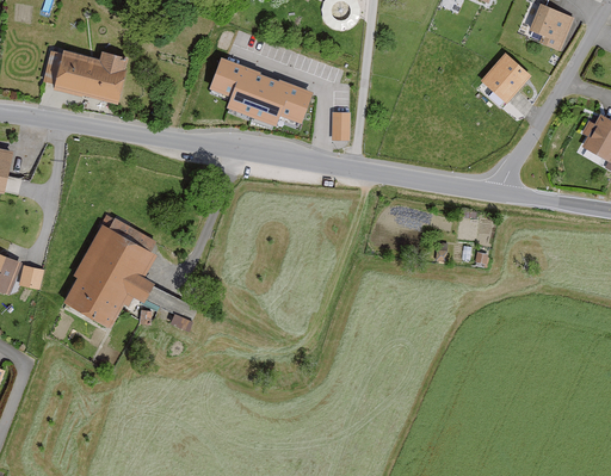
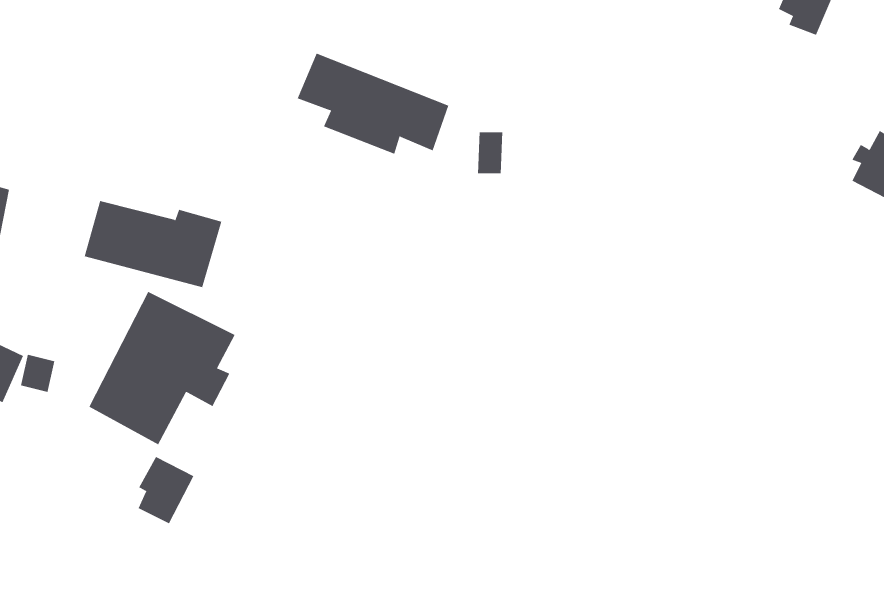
building: [43,44,137,104] -> [84,200,222,288]
building: [479,52,531,104] -> none
building: none -> [138,456,194,524]

